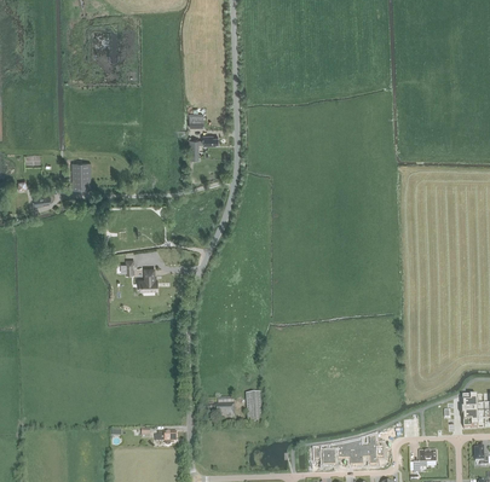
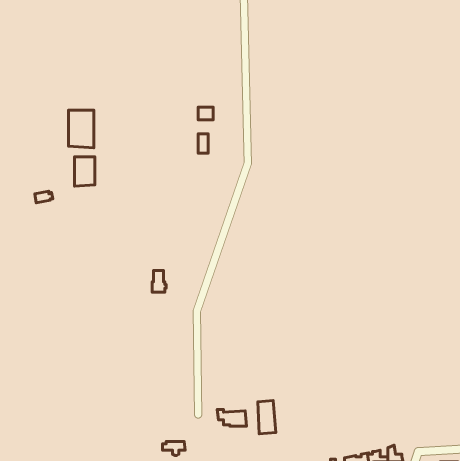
building: none -> [69,110,94,148]

